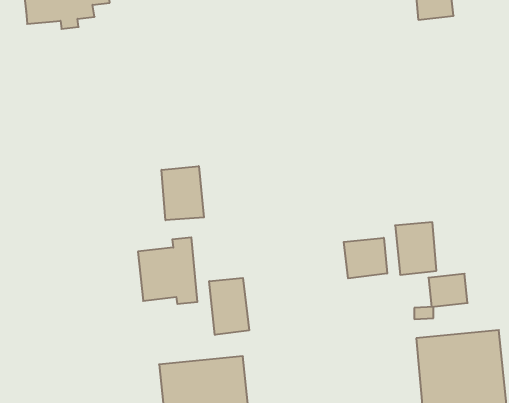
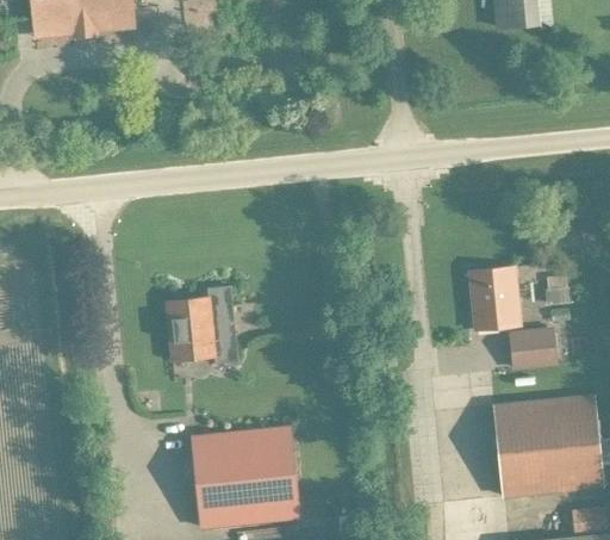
building: [162,166,204,220] -> none
building: [344,238,387,278] -> none
building: [209,278,249,335] -> none

